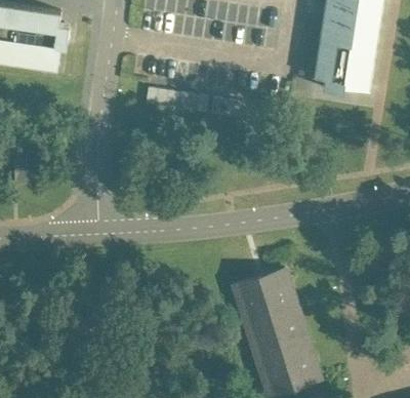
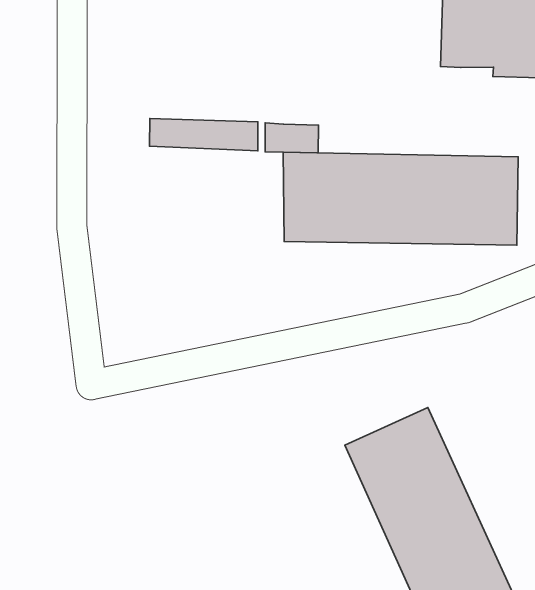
building: none -> [283,152,518,245]

